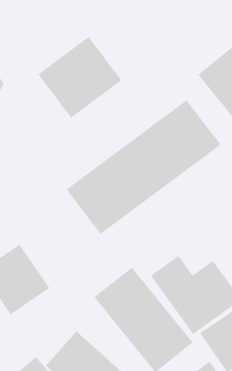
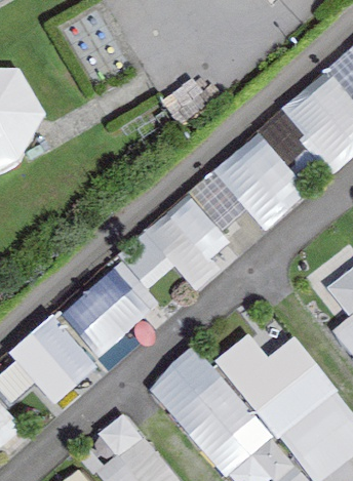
building: [38,36,122,119] -> none
building: none -> [60,264,166,368]

